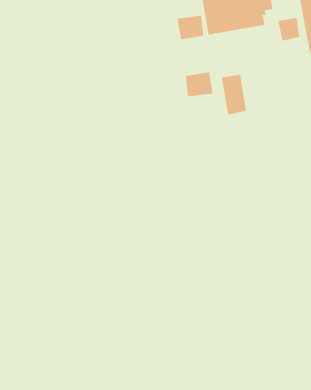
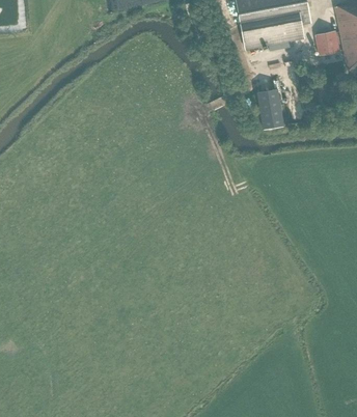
building: [177,15,204,40] -> none
building: [185,72,213,97] -> none

